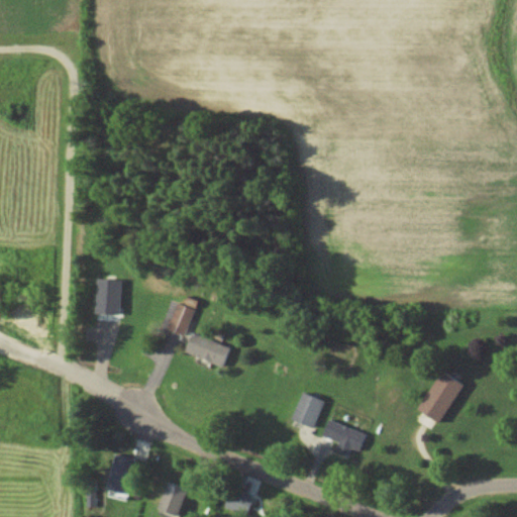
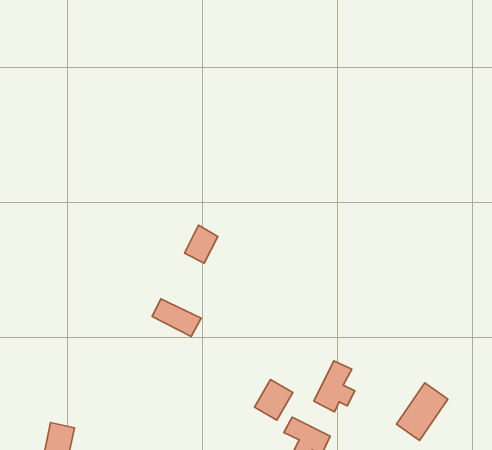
building: [95,278,120,314] -> none
building: [165,301,192,334] -> [185,225,218,263]
building: none -> [314,361,355,412]

